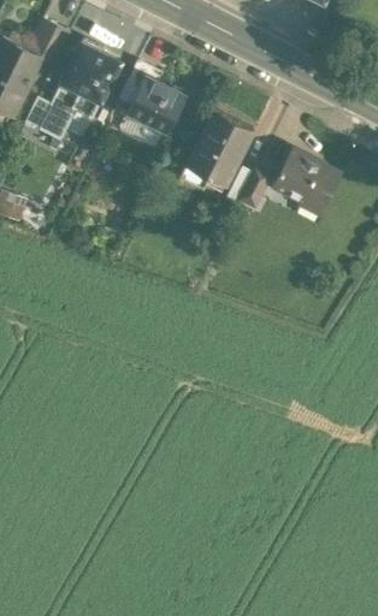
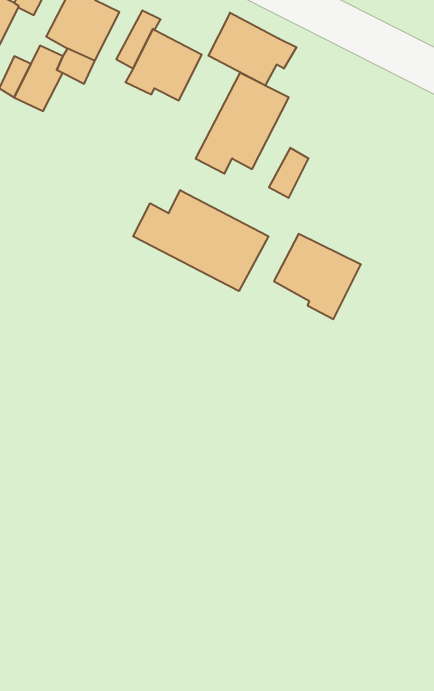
building: none -> [208,13,296,86]
building: [273,148,342,215] -> [274,234,361,319]
building: none -> [133,190,268,291]

